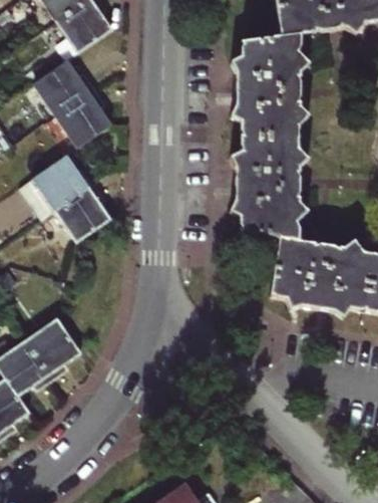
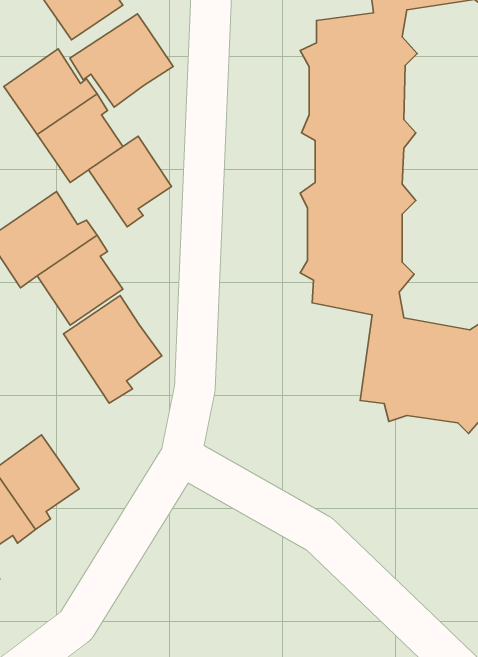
building: none -> [70,14,173,107]
building: none -> [89,136,171,227]
building: none -> [64,296,162,403]

